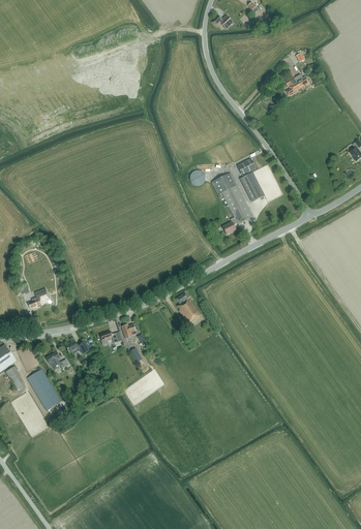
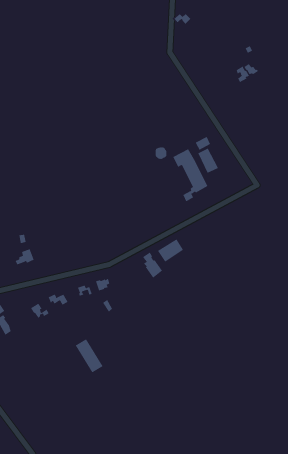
building: none -> [157,239,184,262]
building: [27,369,60,409] -> [75,339,103,373]

